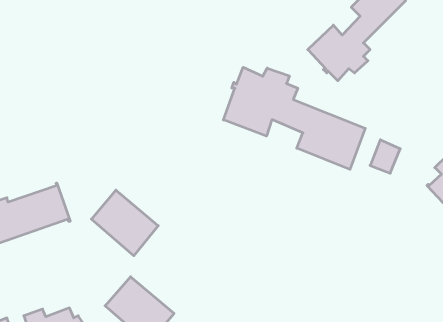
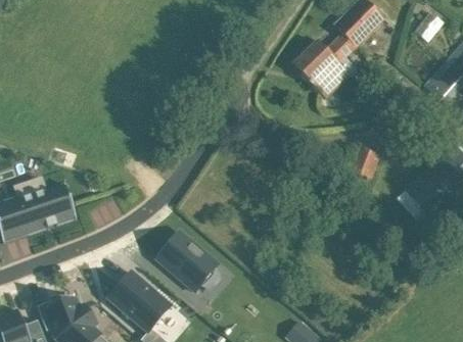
building: [223,67,365,169] -> none
building: [91,190,158,256] -> [157,232,219,292]

